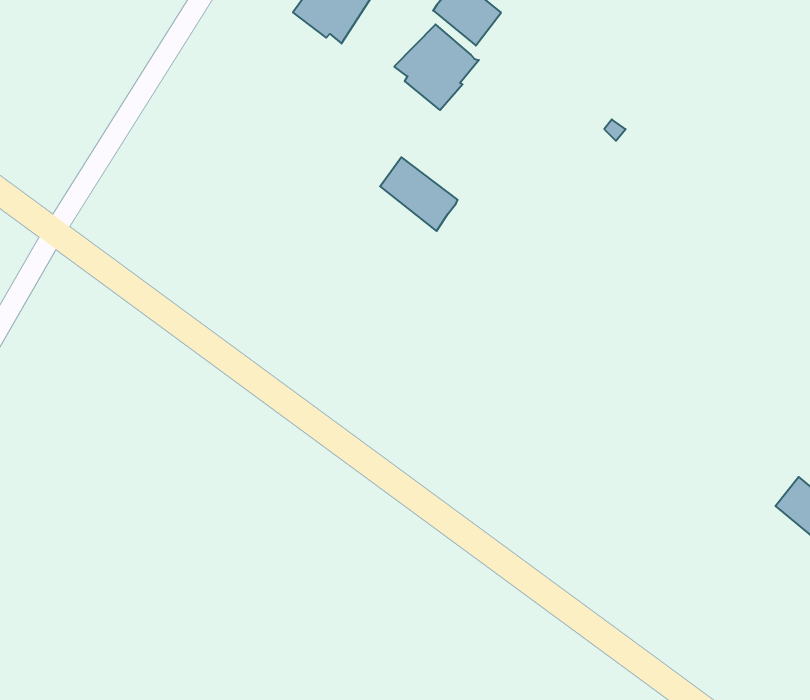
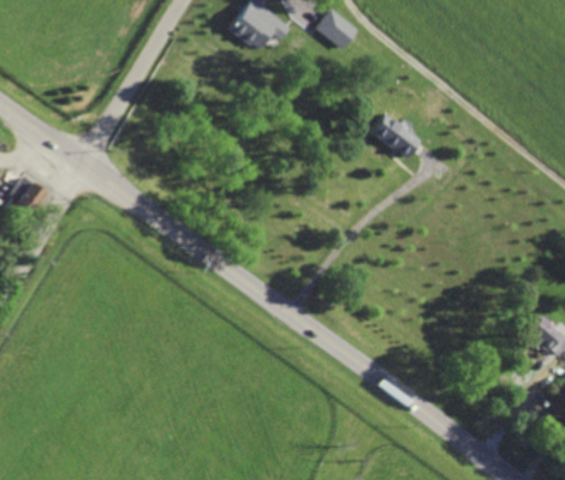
building: [394,24,479,110] -> none
building: [380,157,458,231] -> [374,114,422,160]

